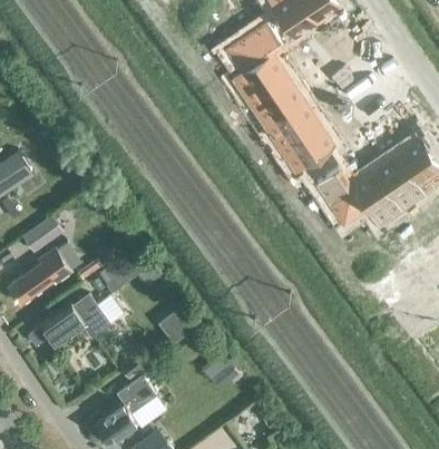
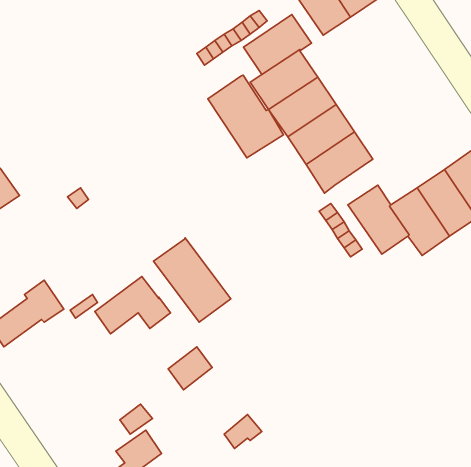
building: none -> [208,75,284,158]
building: none -> [154,238,231,322]
building: [22,216,62,253] -> none
building: [27,295,108,346] -> none

